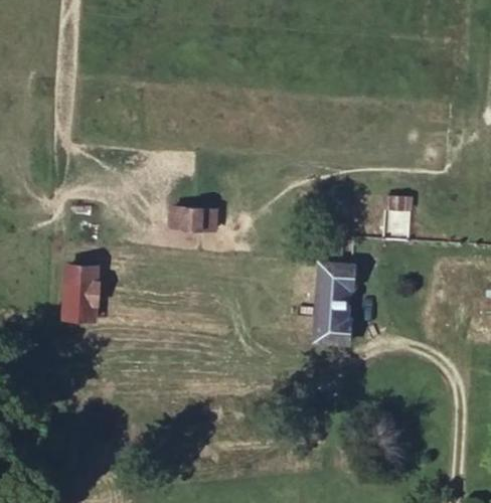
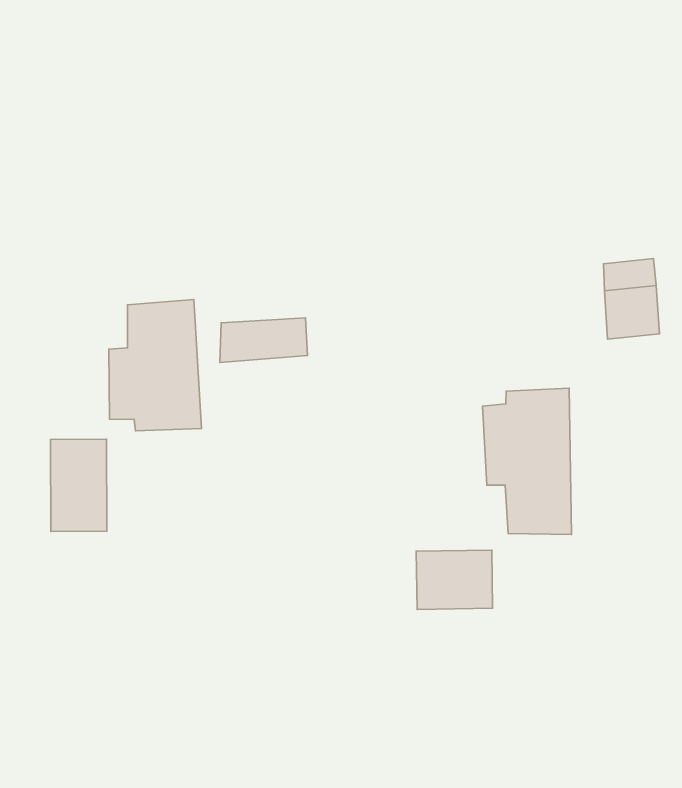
building: none -> [109,299,201,431]
building: none -> [416,550,493,609]

